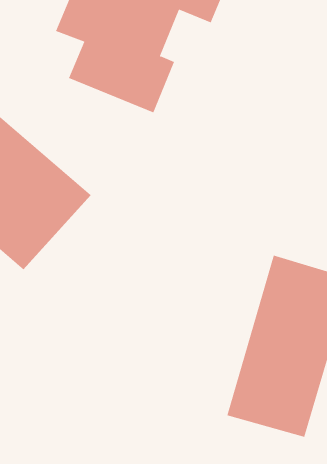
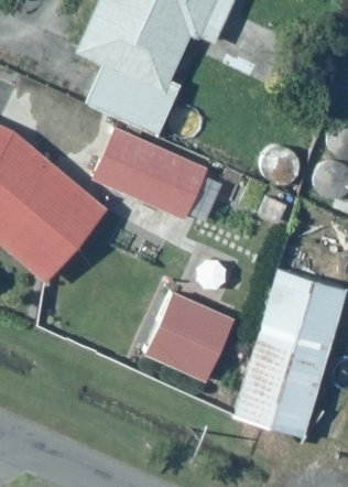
building: none -> [99,131,226,224]
building: none -> [141,291,238,386]

